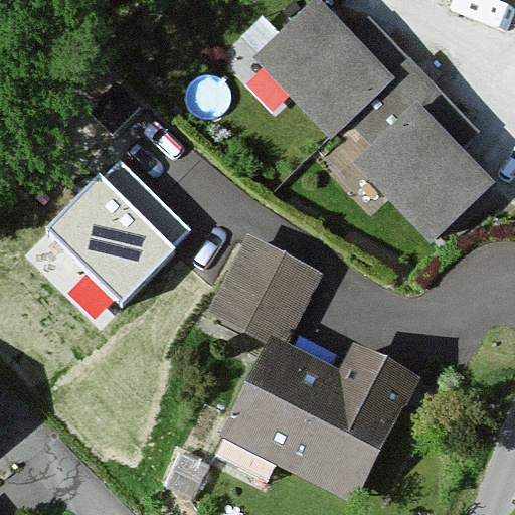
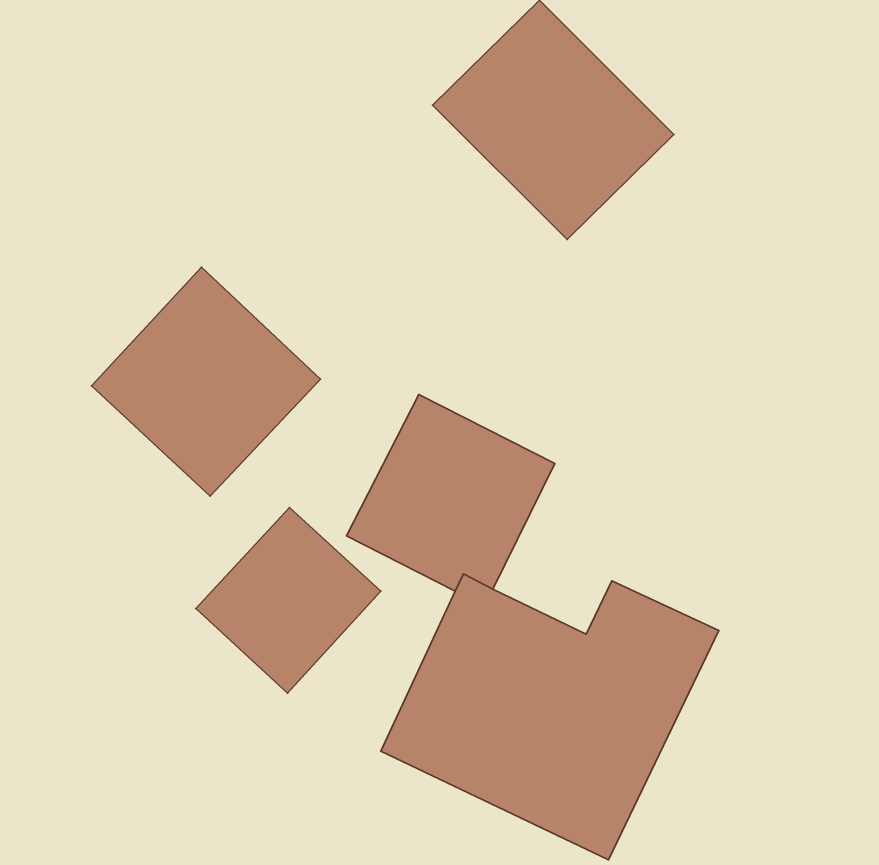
building: [354,105,494,244] -> none
building: none -> [196,508,381,693]

